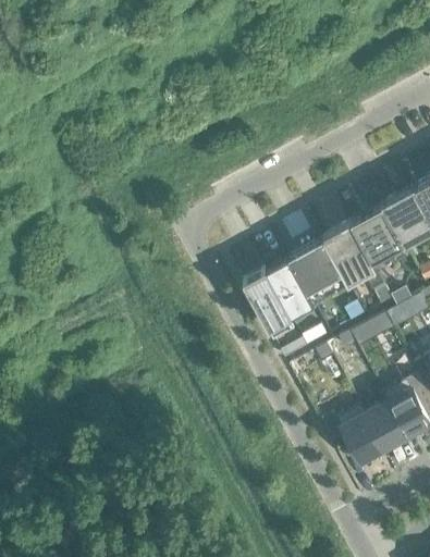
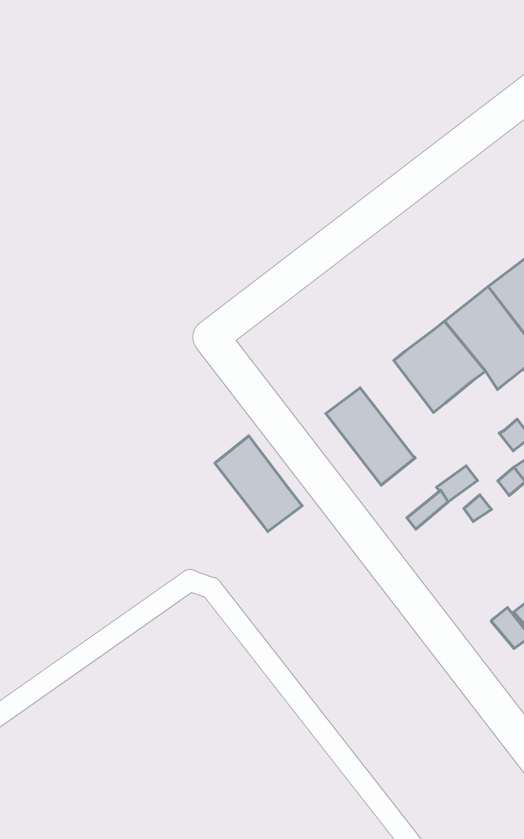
building: [266,259,314,318] -> [215,436,302,532]

